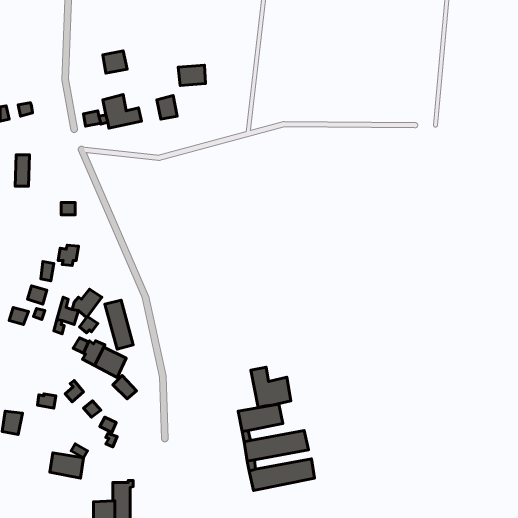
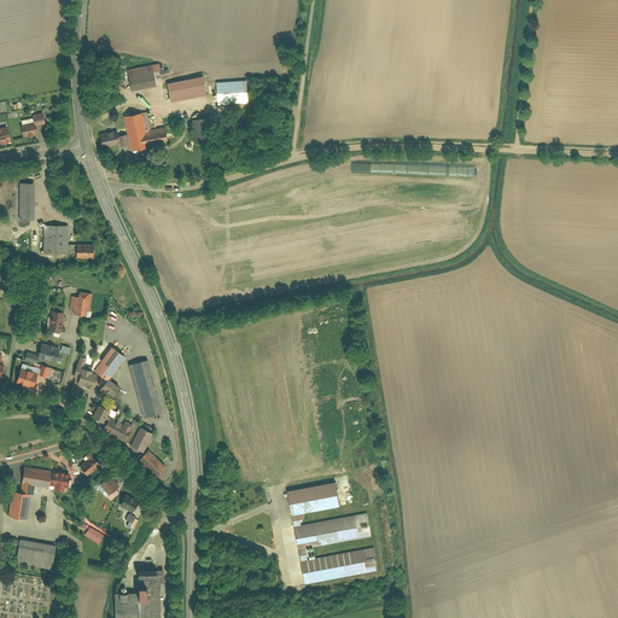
building: none -> [168,78,209,104]
building: none -> [41,223,65,252]
building: [251,367,291,408] -> none
building: none -> [18,465,49,494]
building: [50,453,83,478] -> [13,540,53,570]

